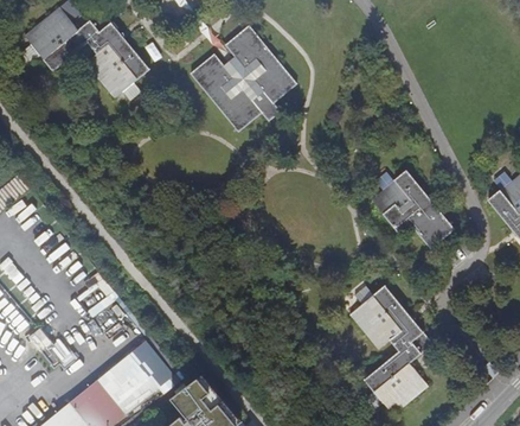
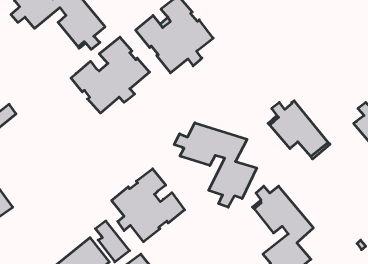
building: none -> [71,37,150,113]
building: none -> [174,123,257,207]
building: none -> [112,169,185,242]

